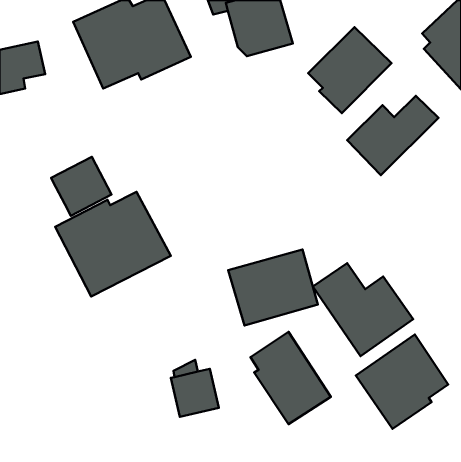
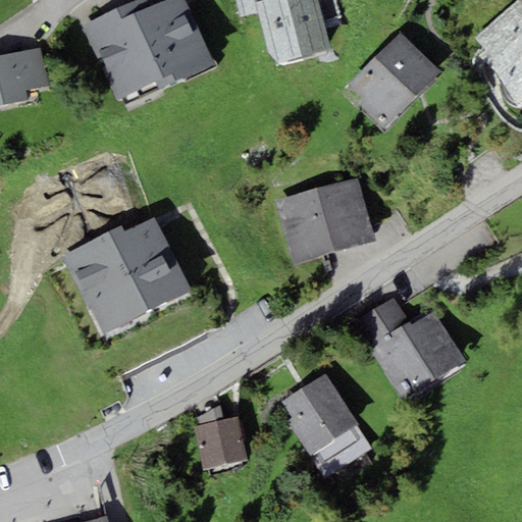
building: [347,96,438,175] -> none
building: [51,157,111,216] -> none
building: [228,249,318,325] -> [274,178,375,264]
building: [356,334,448,429] -> none

